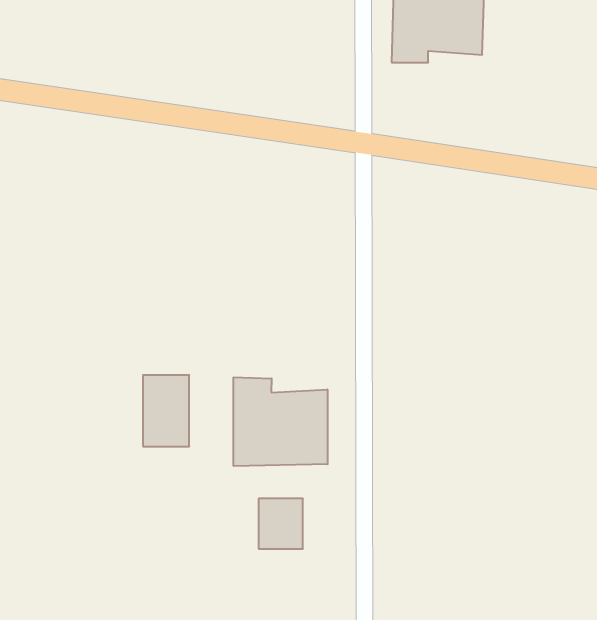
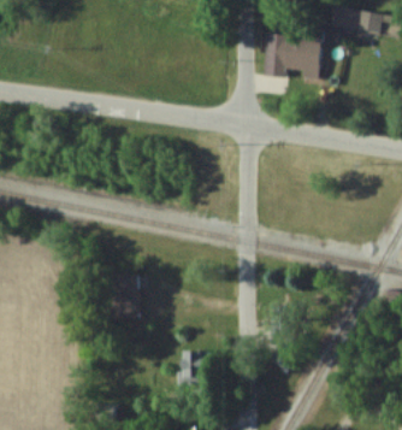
building: [234,377,328,466] -> none

